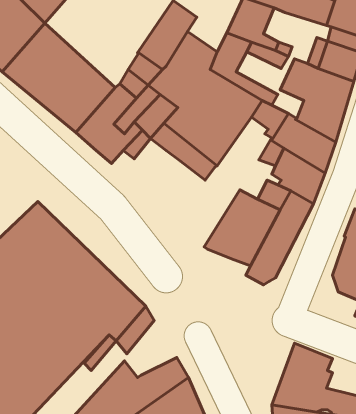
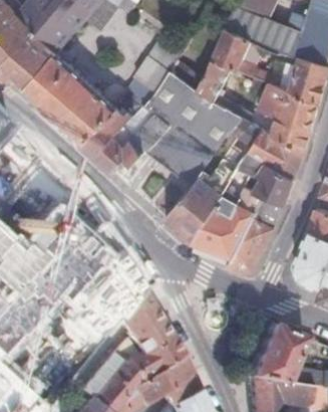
building: none -> [165,172,231,242]
building: none -> [126,304,169,351]

